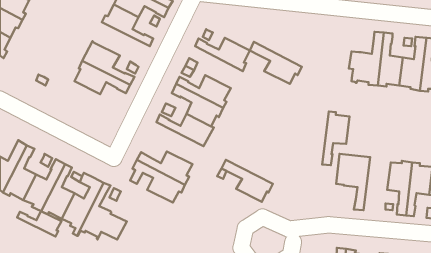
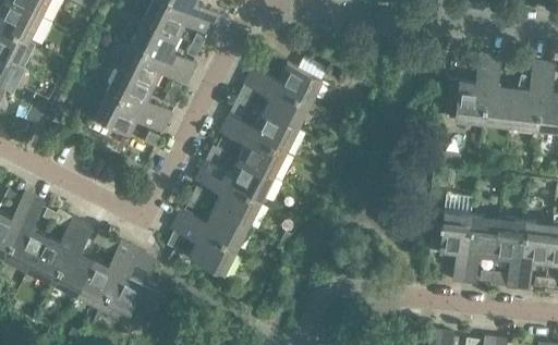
building: none -> [121,44,192,86]
building: [250,42,302,84] -> [244,74,311,127]
building: [322,111,349,165] -> [464,215,499,284]
building: [222,160,273,202] -> [195,171,260,224]
building: [17,211,61,237] -> none

